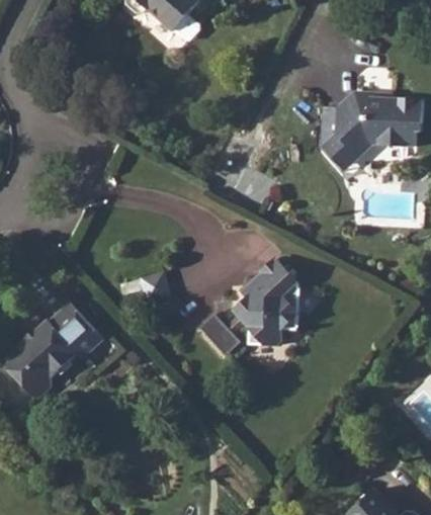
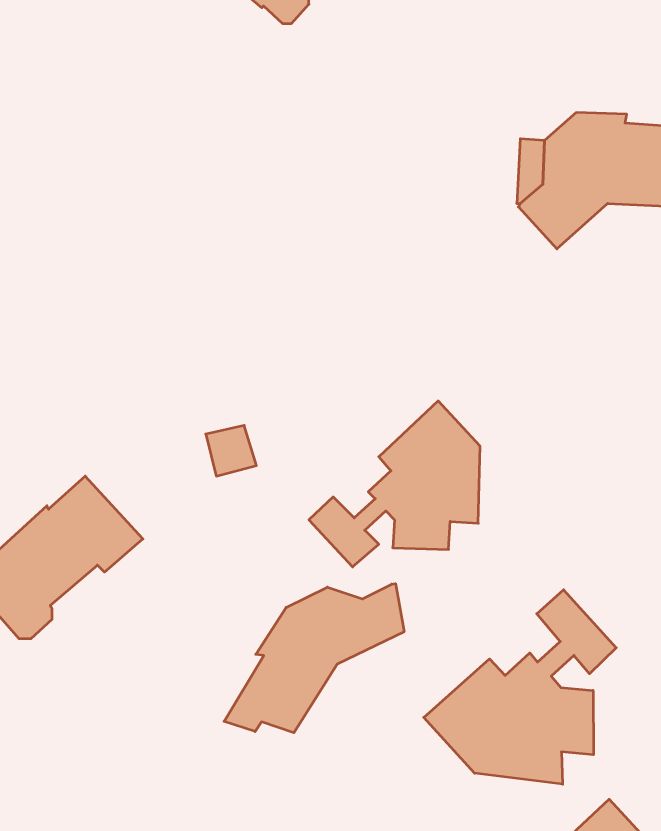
building: none -> [224,584,404,733]
building: none -> [424,590,616,784]

